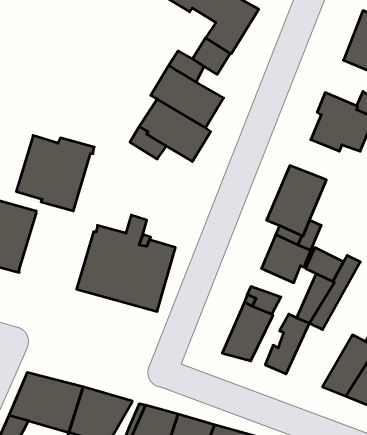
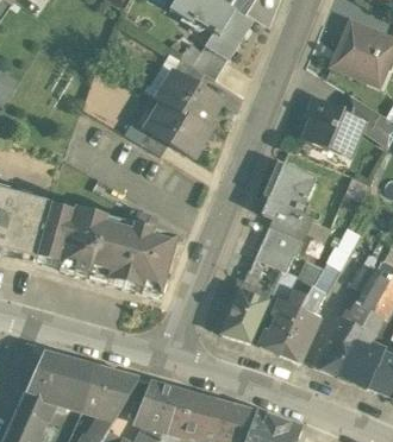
building: [16,135,94,211] -> [35,206,106,274]
building: none -> [279,305,319,359]

